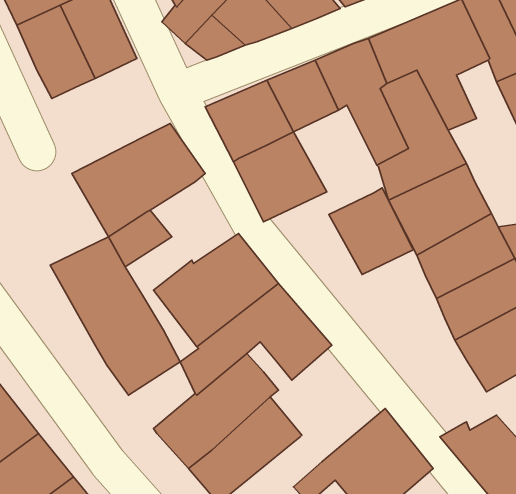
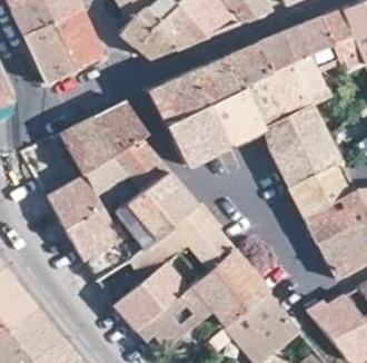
building: none -> [112,138,171,193]
building: [329,188,414,274] -> [208,87,265,145]
building: none -> [192,247,269,325]

